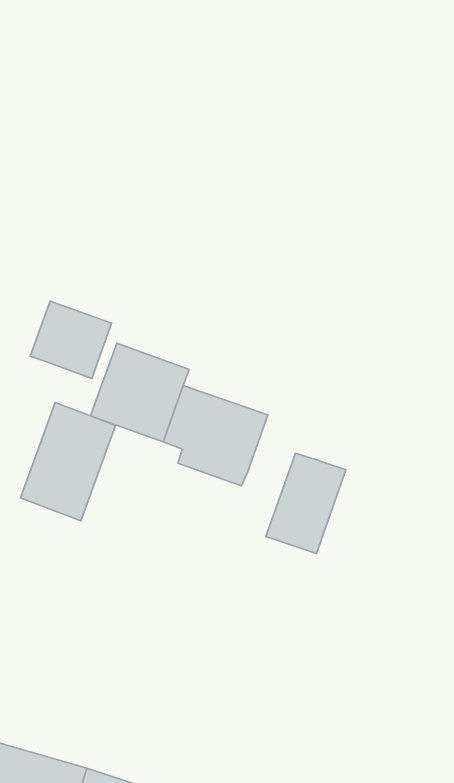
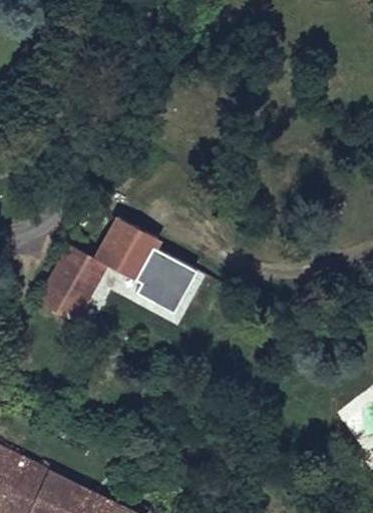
building: [30,301,112,378] -> none
building: [266,453,346,553] -> none

